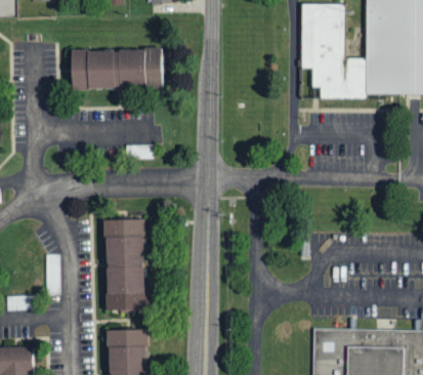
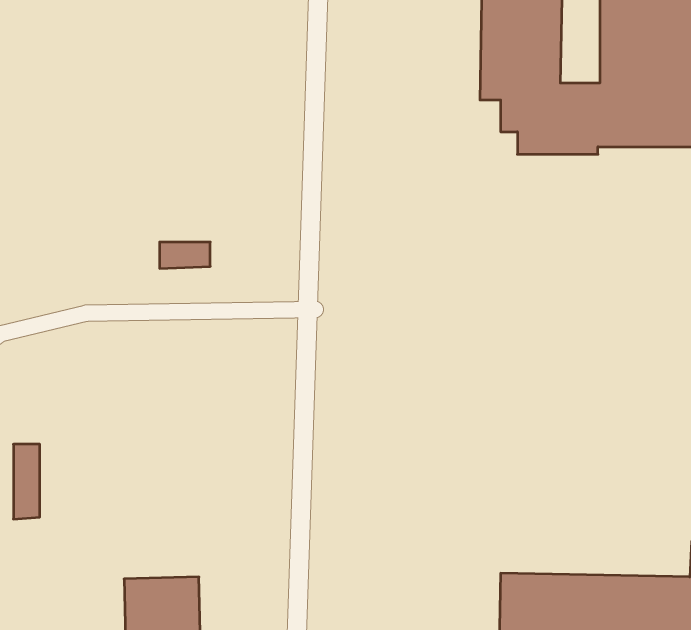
building: [72,49,163,90] -> none
building: [102,219,146,309] -> none

